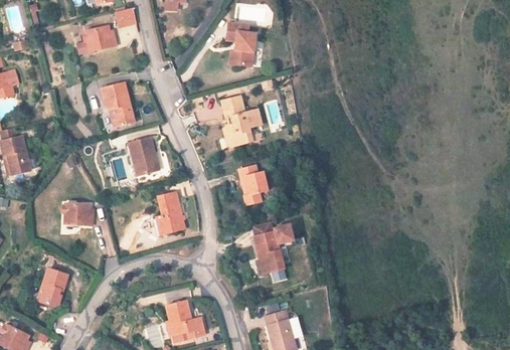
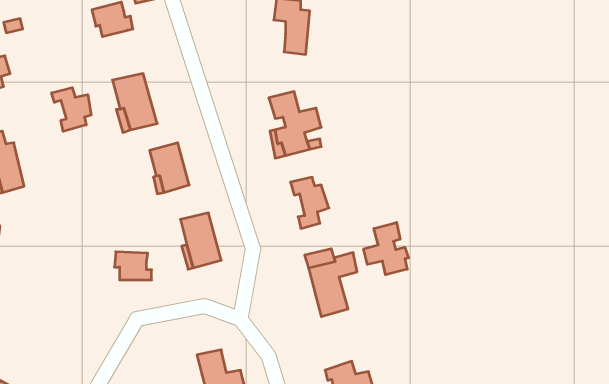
building: none -> [52,88,91,131]
building: none -> [364,222,408,275]
building: [63,202,93,224] -> [114,252,152,280]
building: [41,269,67,308] -> none

